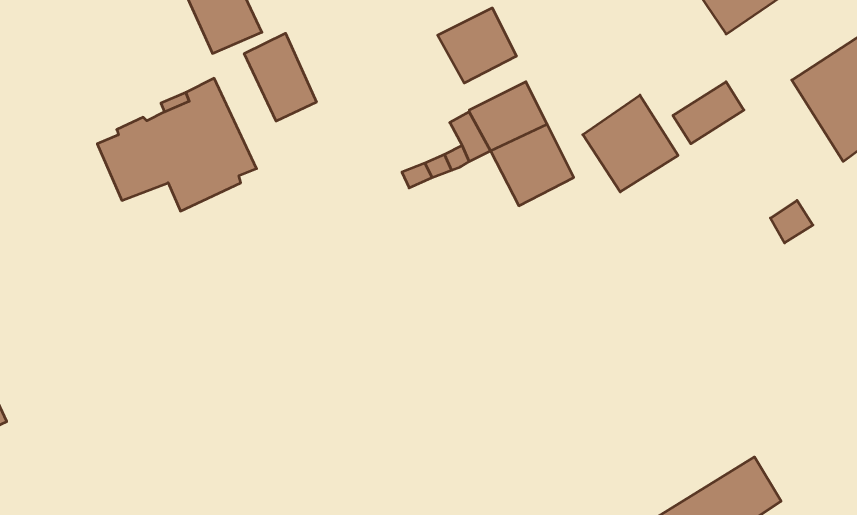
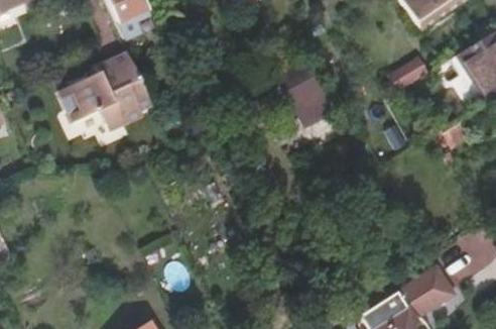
building: [438,8,516,83] -> none
building: [244,33,316,121] -> none
building: [583,95,678,192] -> none

